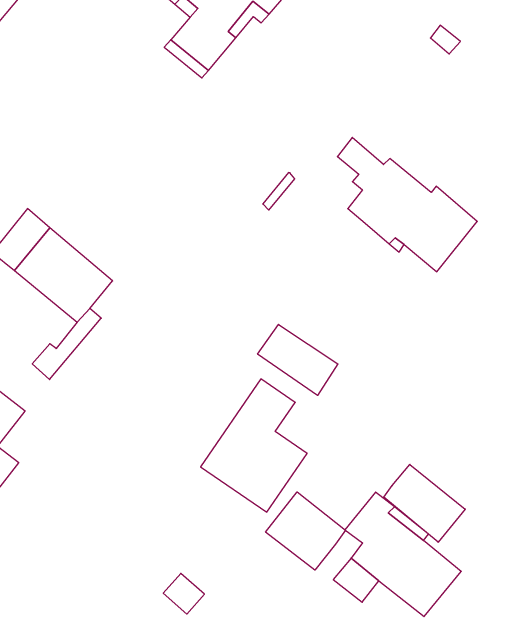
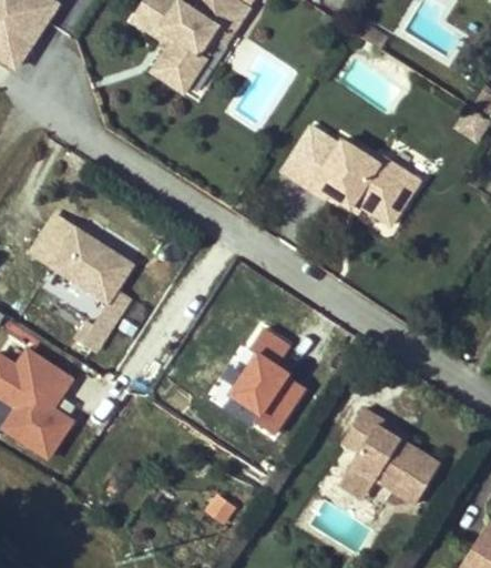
building: none -> [282,142,329,199]
building: [258,324,338,395] -> none
building: [384,464,465,542] -> none
building: [266,492,345,570] -> none

